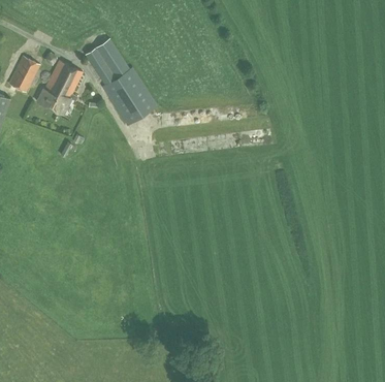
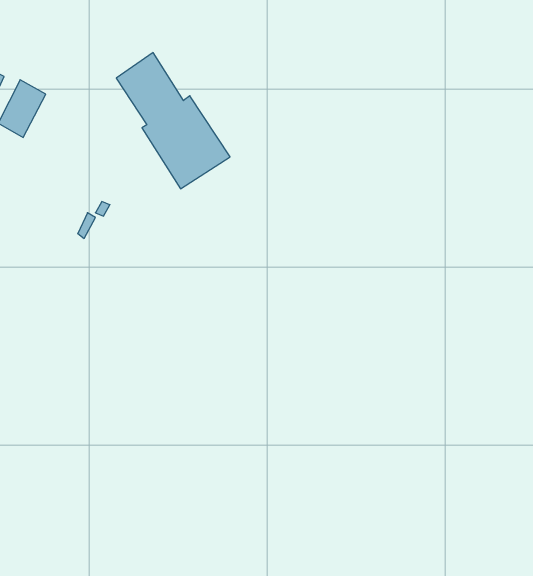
building: [37,61,83,115] -> none

